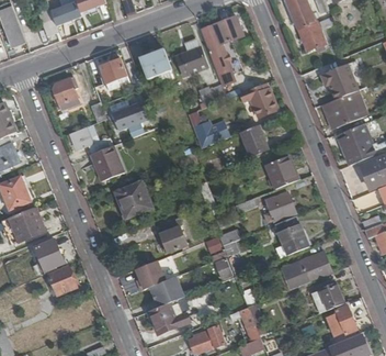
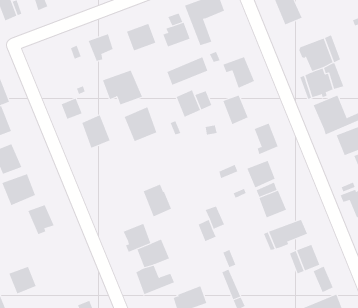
building: [52,76,77,103] -> none
building: [115,181,150,219] -> [124,107,157,142]
building: [47,266,77,296] -> [9,266,37,294]

